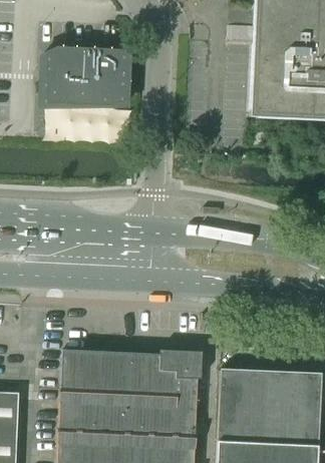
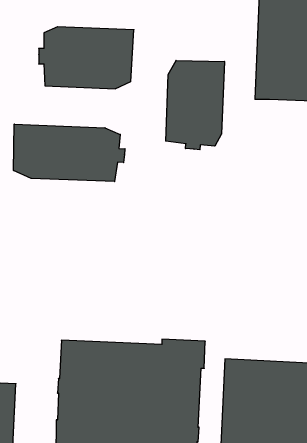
building: none -> [166,60,224,150]
building: none -> [14,124,125,182]

